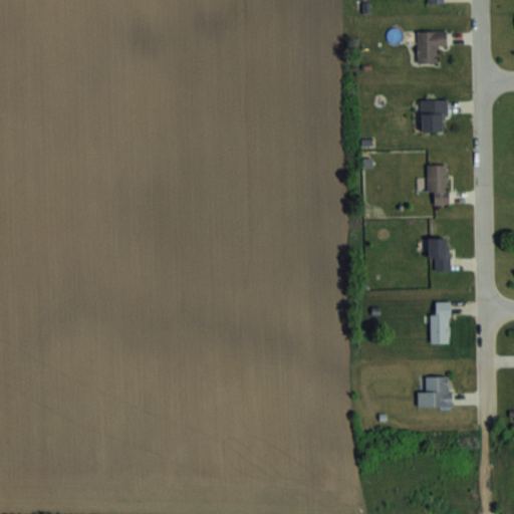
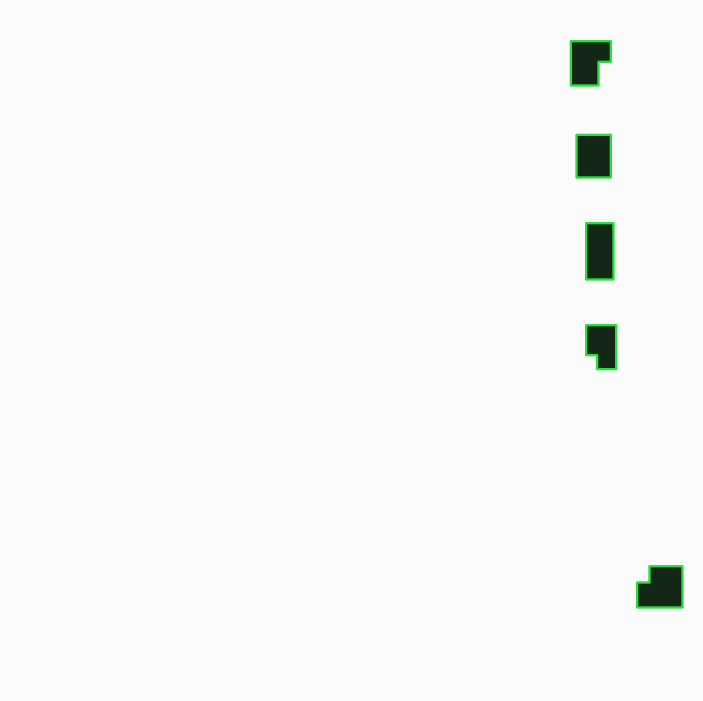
building: [431,302,449,344] -> none
building: [418,377,451,408] -> [637,566,683,607]

